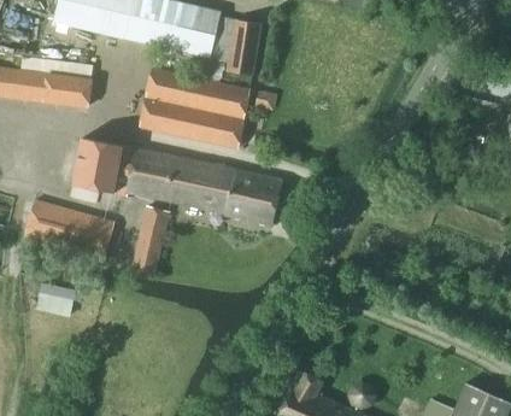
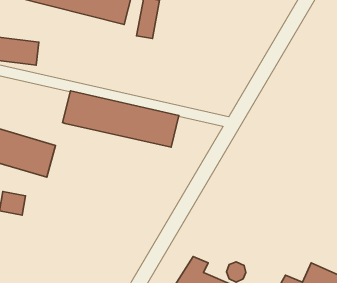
building: [141,68,249,148] -> none
building: [72,137,135,195] -> none
building: [130,209,170,281] -> none

